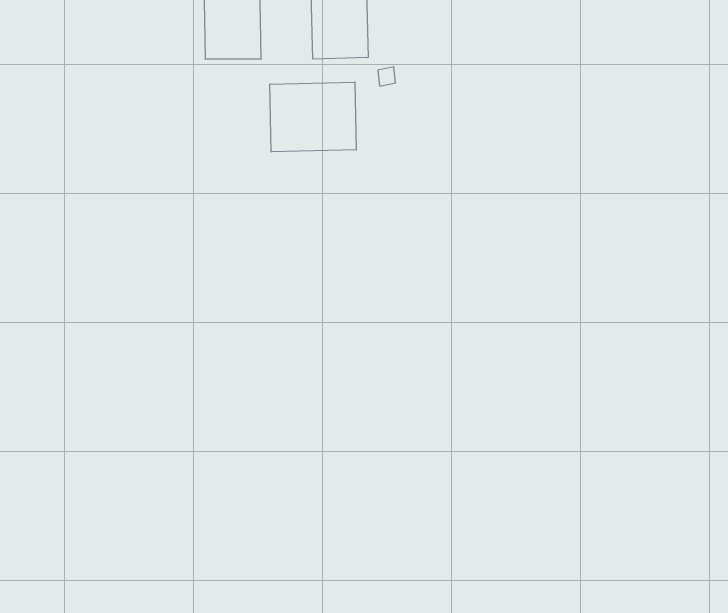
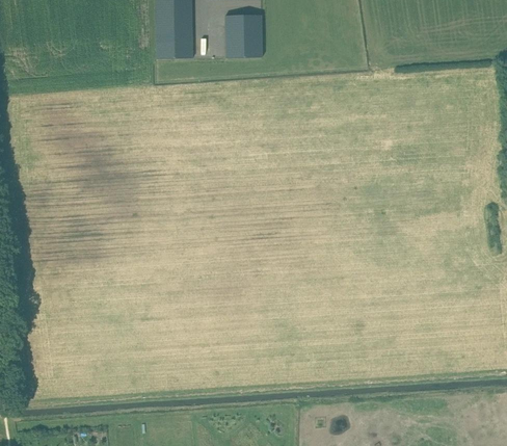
building: [270,82,356,152] -> none

